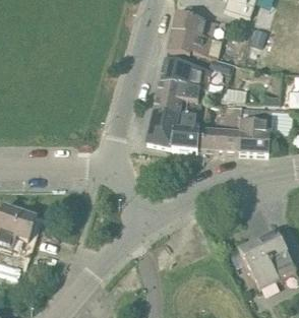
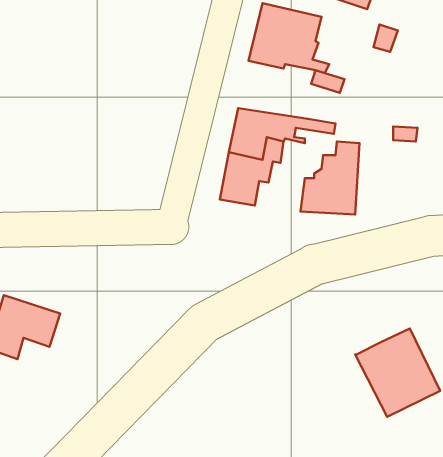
building: [160,59,211,87] -> none
building: [171,101,204,148] -> none
building: [238,104,273,152] -> none

